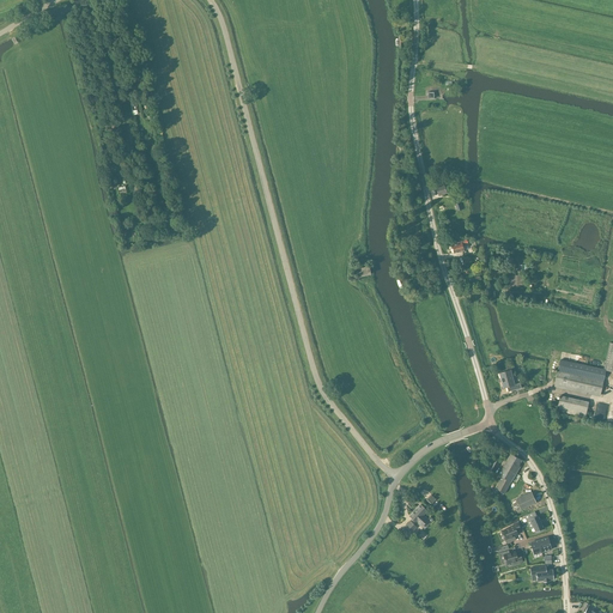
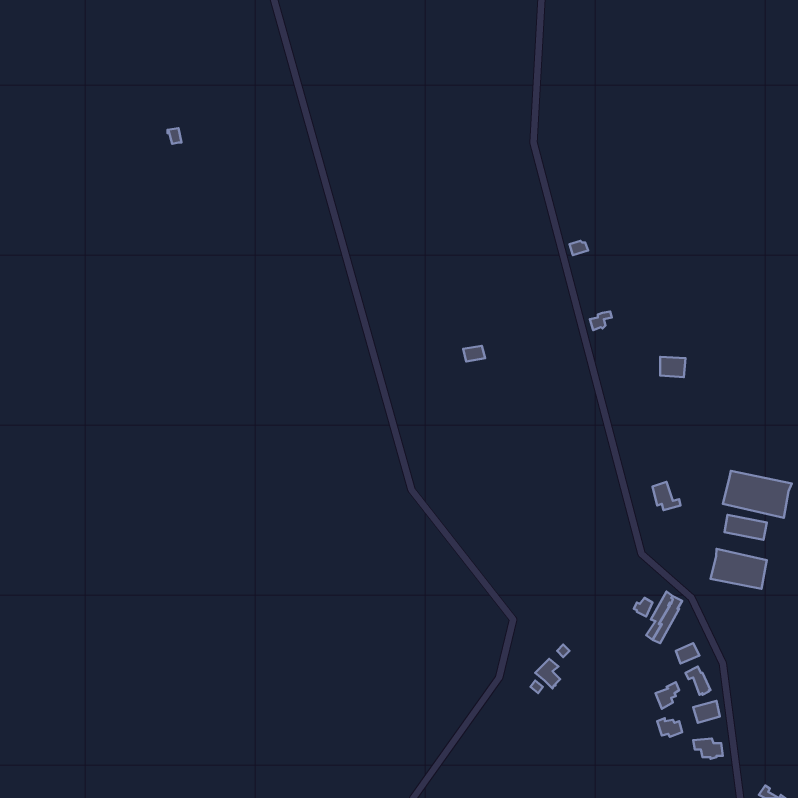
building: none -> [710,549,767,589]

